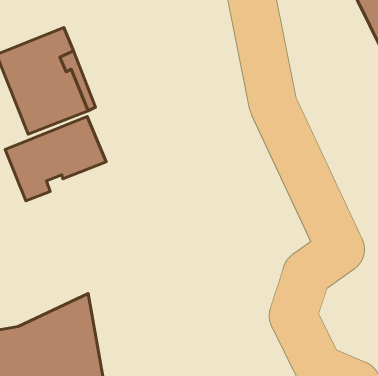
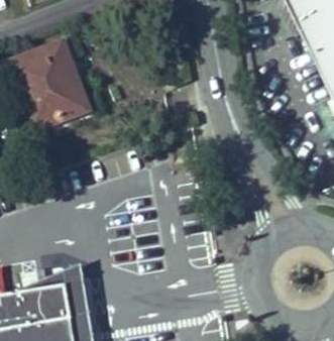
building: [5,117,106,201] -> none

